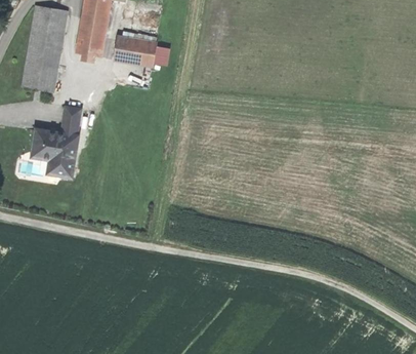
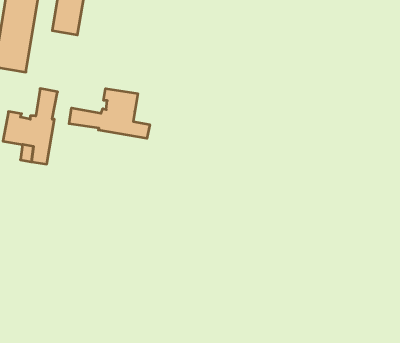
building: [113,37,155,66] -> none
building: none -> [69,89,150,138]

